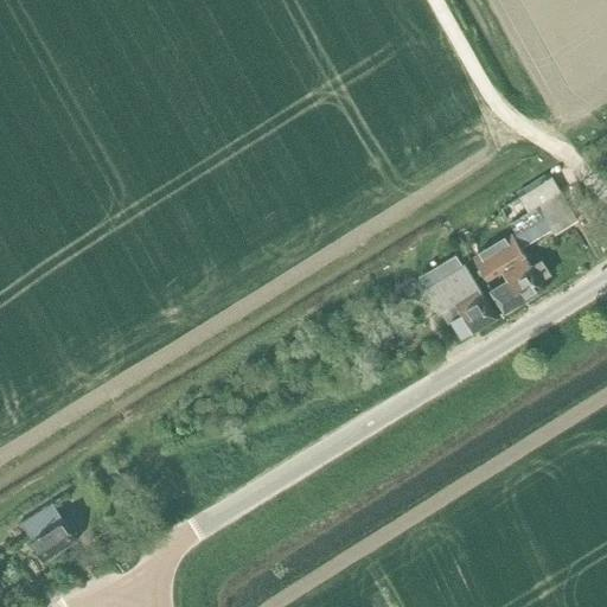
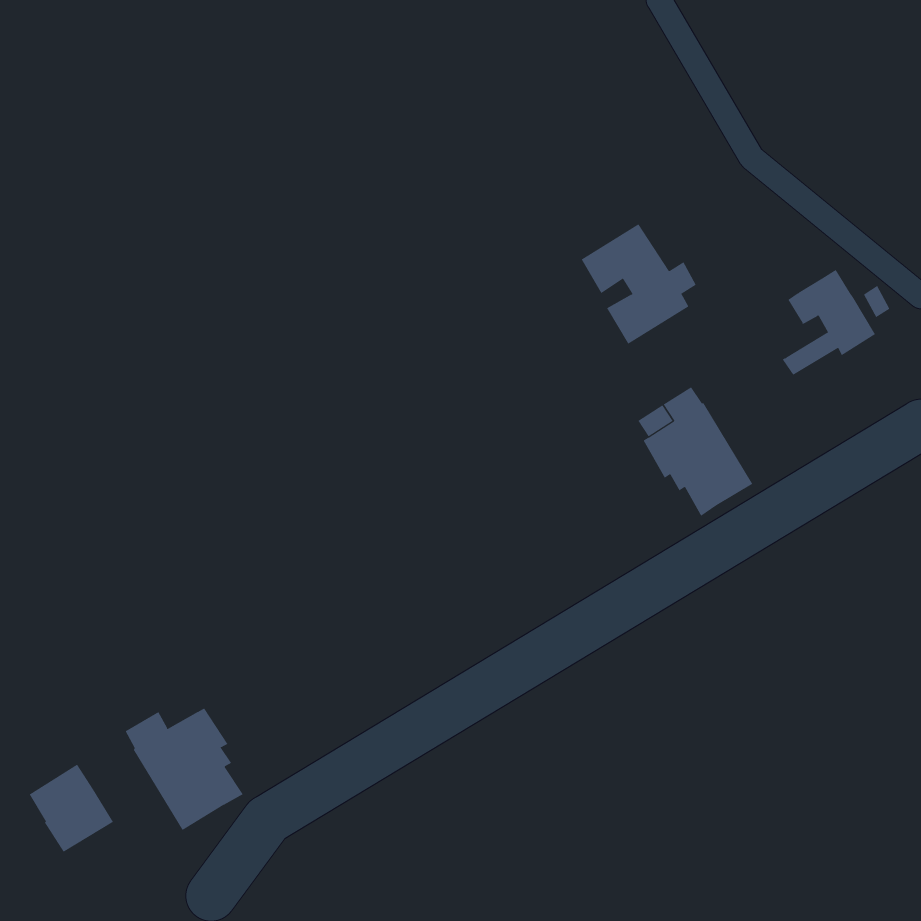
building: [472,235,548,314] -> [581,223,697,344]
building: none -> [125,707,243,831]

